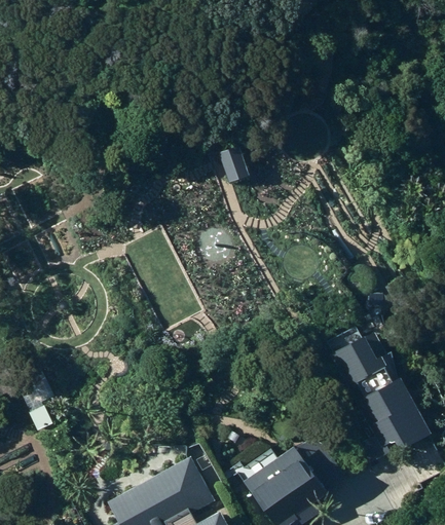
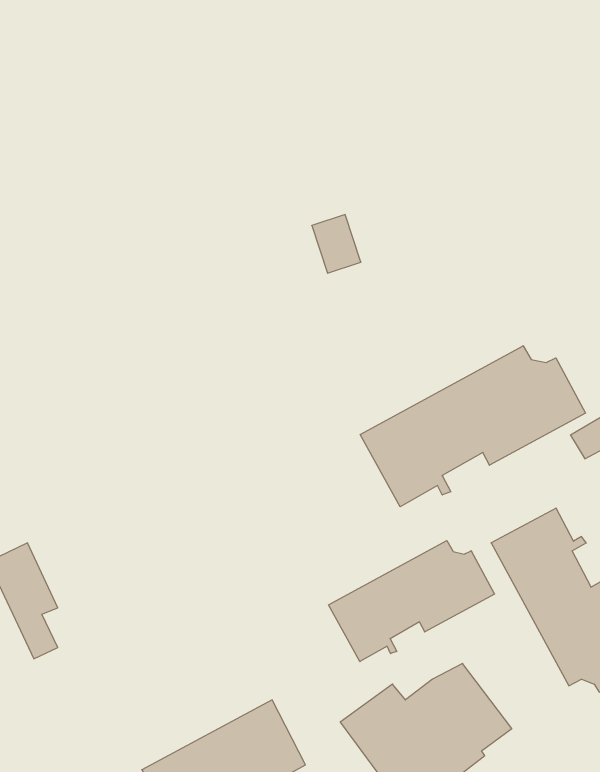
building: none -> [360,346,586,507]
building: none -> [329,541,495,662]

